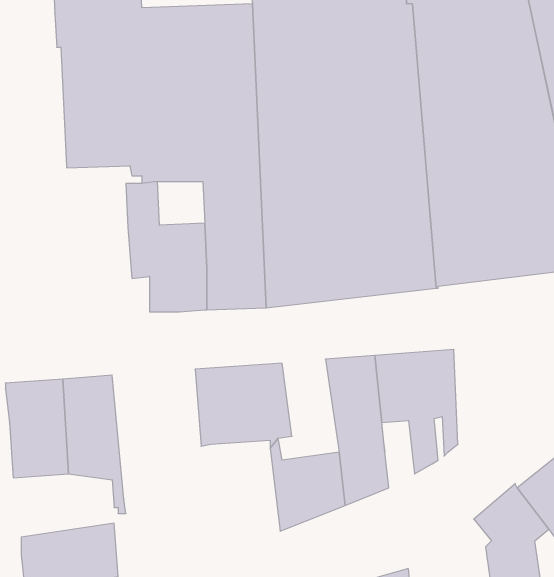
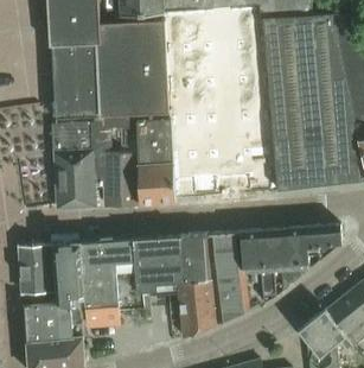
building: none -> [52,116,100,207]
building: none -> [287,223,341,284]
building: none -> [181,233,218,293]
building: none -> [82,239,142,325]
building: none -> [24,302,83,340]

